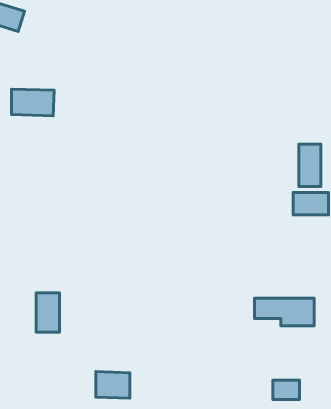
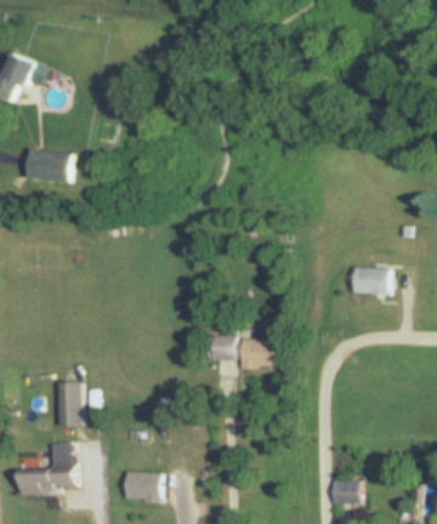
building: [299,144,321,186] -> none
building: [254,298,314,326] -> [212,336,280,368]
building: none -> [23,444,84,497]

